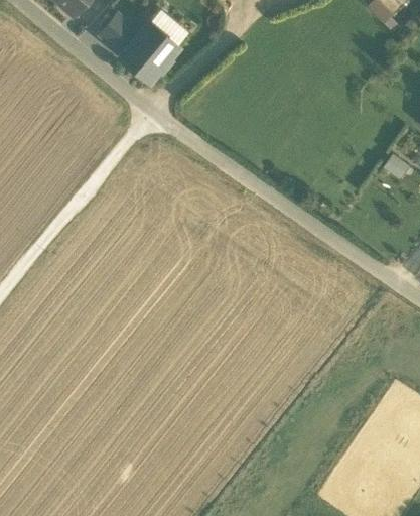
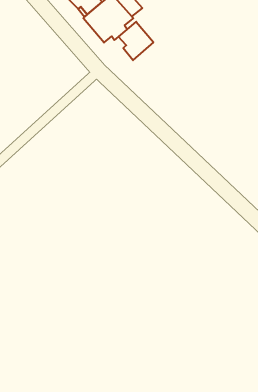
building: none -> [119,22,153,60]

